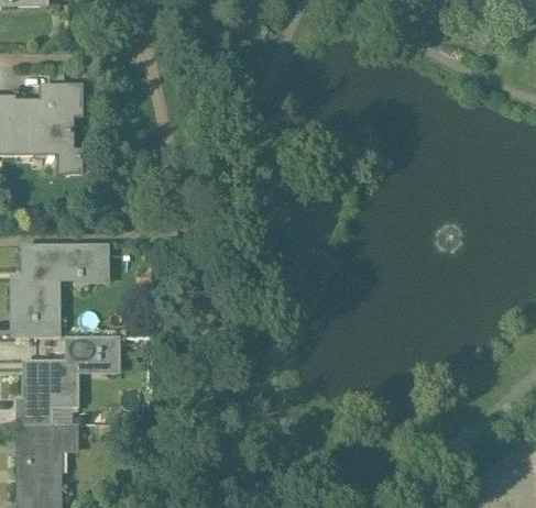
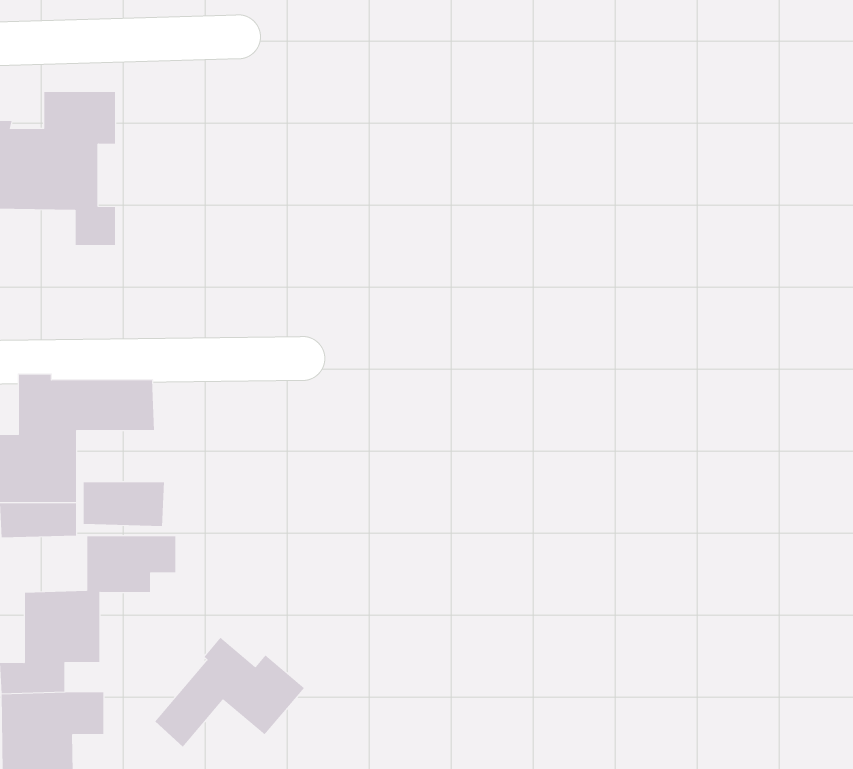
building: none -> [83,482,164,527]
building: none -> [155,637,305,747]

